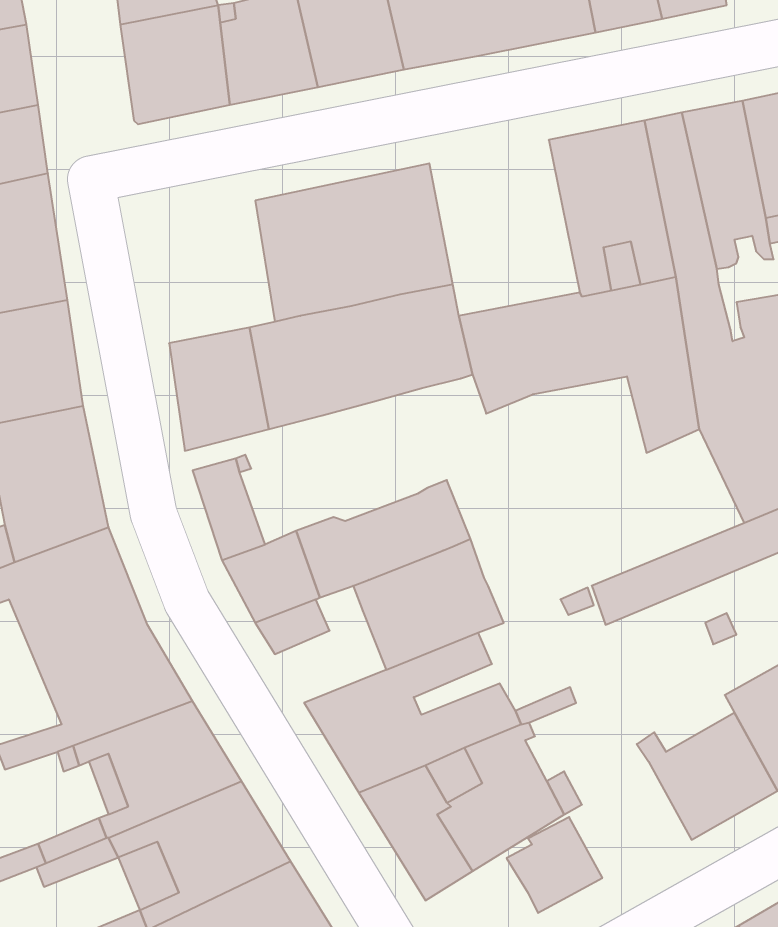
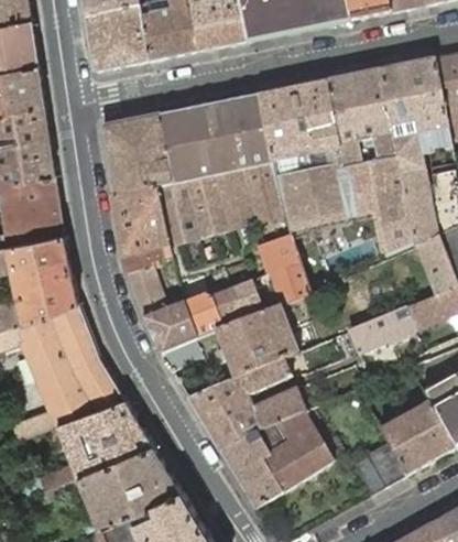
building: none -> [257,79,341,178]
building: none -> [100,113,170,194]
building: none -> [257,234,308,304]
building: [507,817,602,913] -> [350,440,404,494]

